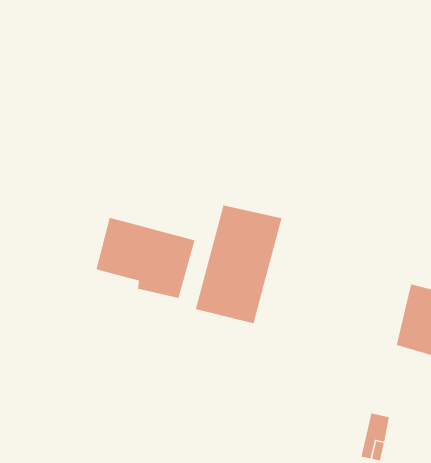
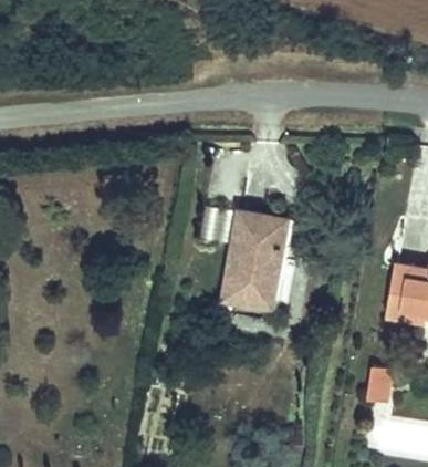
building: [96,217,196,299] -> none

